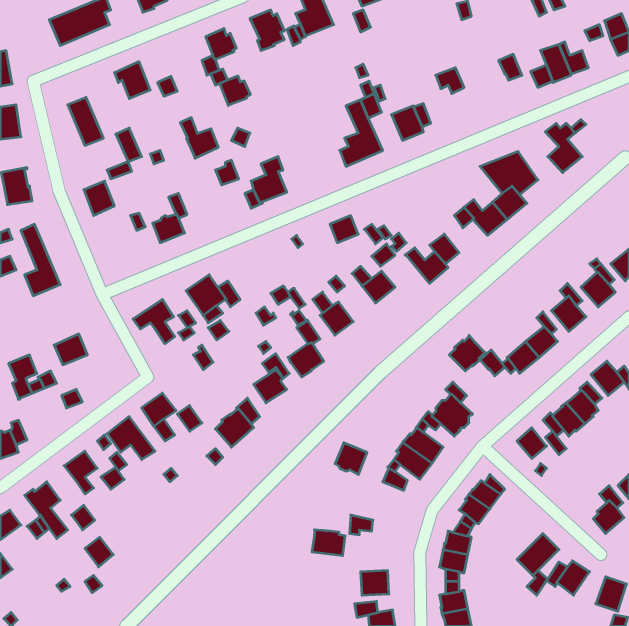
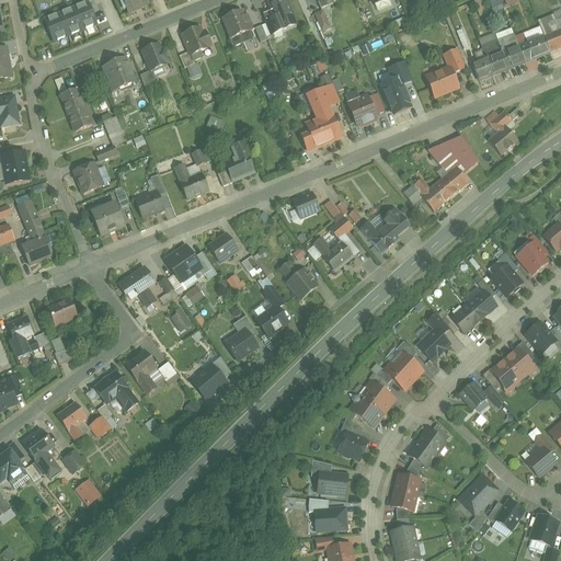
building: none -> [518,35,550,60]
building: none -> [426,66,458,95]
building: [220,76,250,106] -> [142,43,170,69]
building: none -> [381,76,411,112]
building: [180,118,218,158] -> [174,162,208,198]
building: none -> [91,201,125,233]
building: none -> [208,232,238,261]
building: [449,335,485,371] -> [417,328,449,359]
building: [335,443,367,475] -> [339,431,367,459]
building: [312,530,345,556] -> [318,471,347,494]

